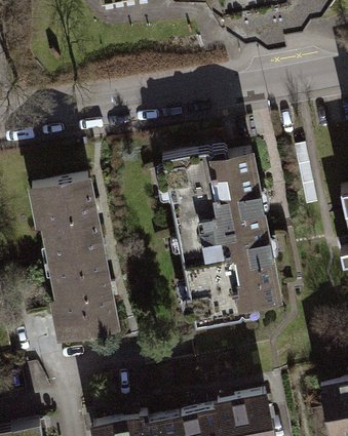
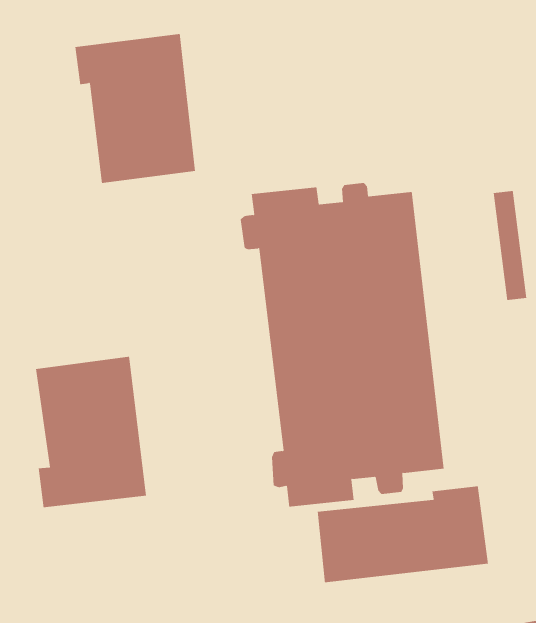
building: [32,175,103,261] -> [75,33,196,184]
building: none -> [317,485,488,583]

